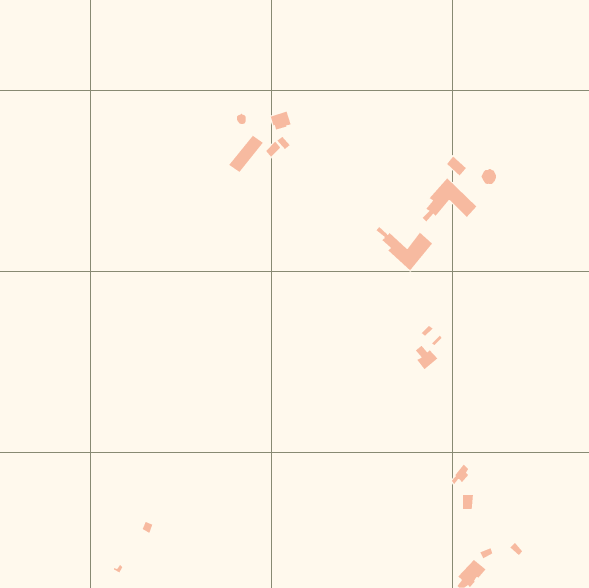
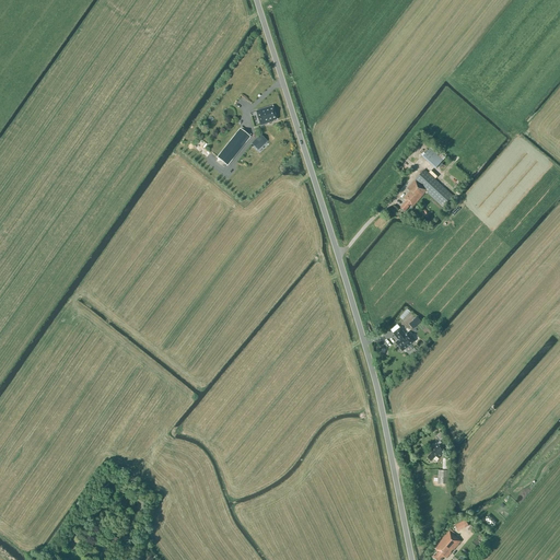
building: [376,226,433,271] -> none

